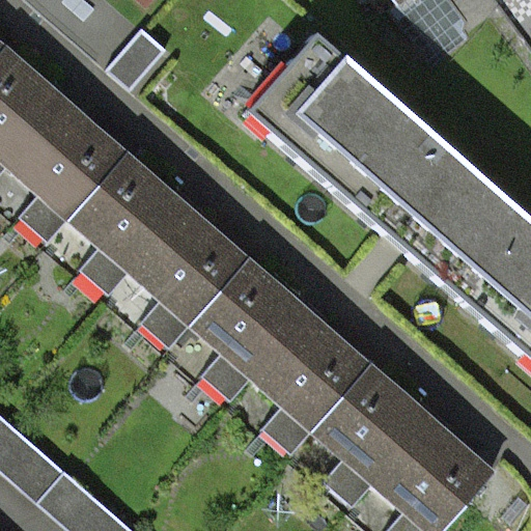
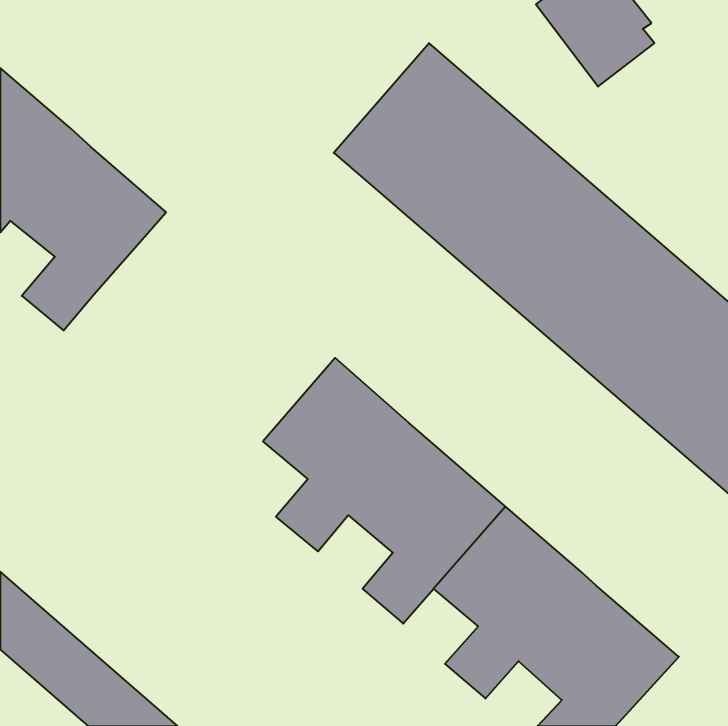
building: [75,152,248,343] -> none

